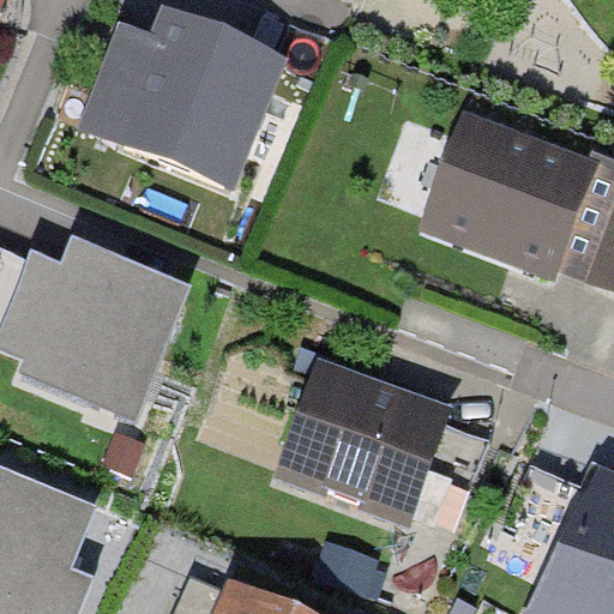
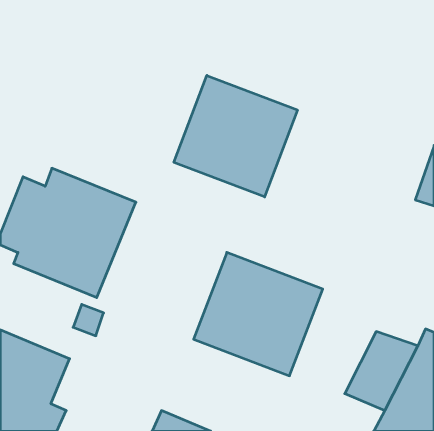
building: [78,8,289,189] -> none
building: none -> [174,75,297,197]
building: [420,112,600,279] -> none

